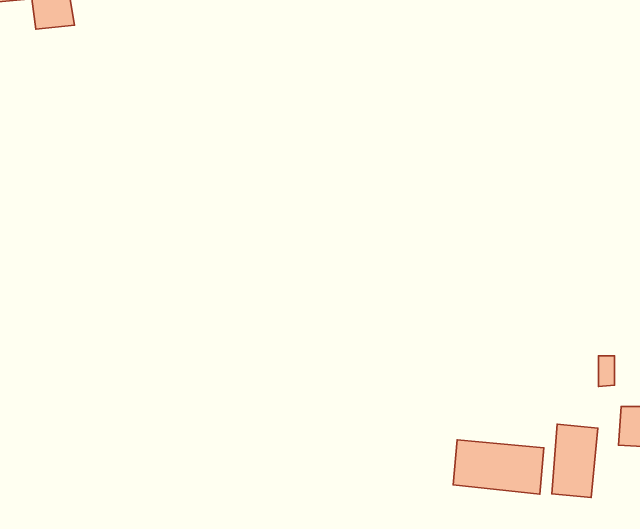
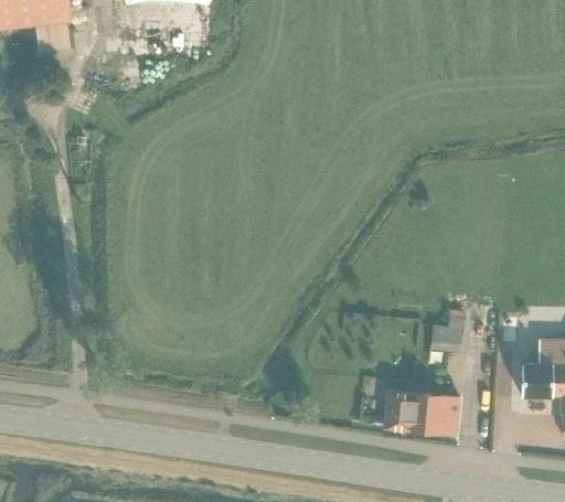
building: none -> [430,316,463,348]
building: [552,424,598,498] -> none

